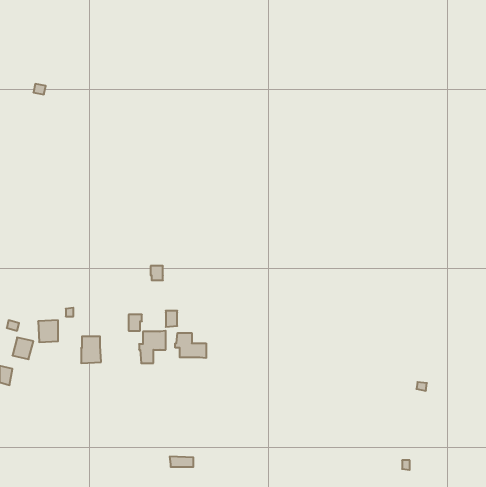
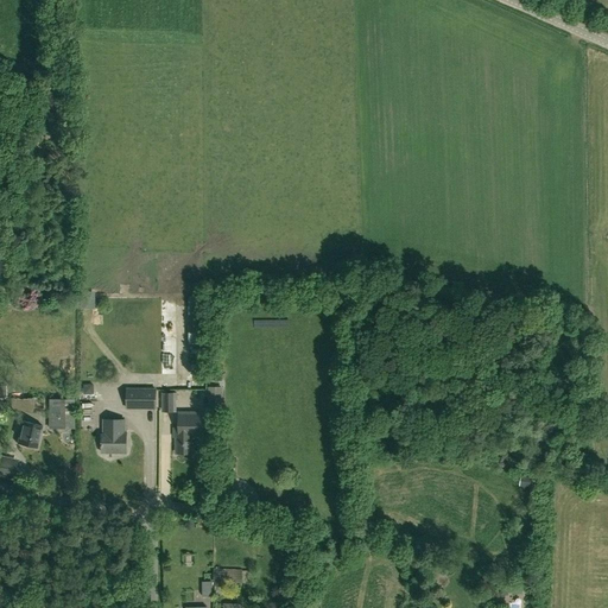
building: none -> [125,388,156,410]
building: [175,333,206,358] -> none

